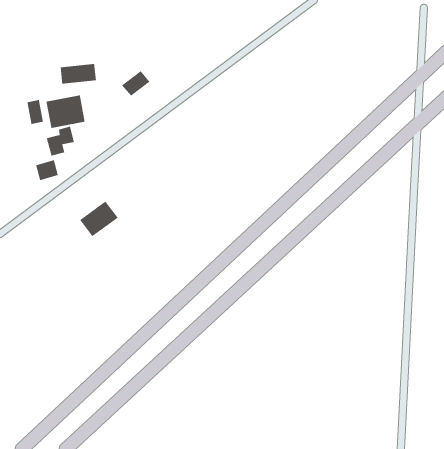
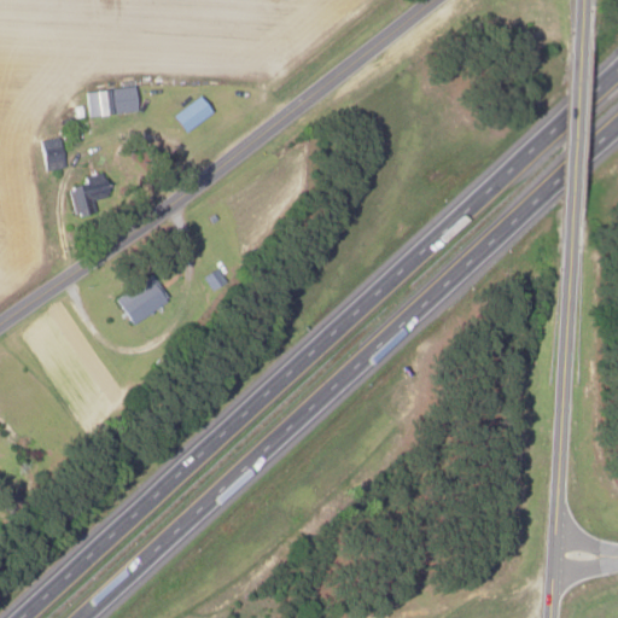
building: [46,95,85,129] -> none
building: [35,159,59,181] -> none

